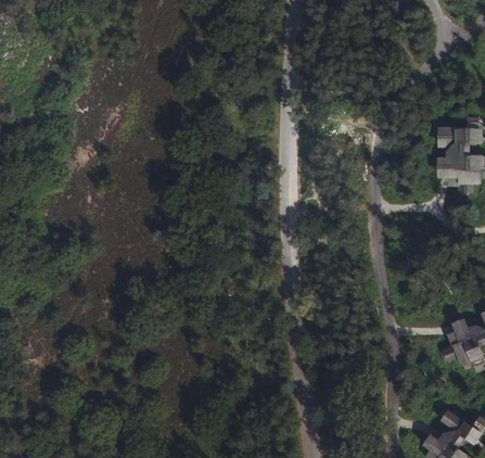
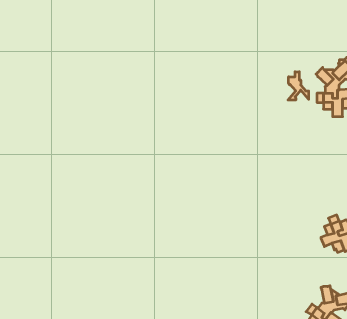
building: none -> [288,72,309,100]

